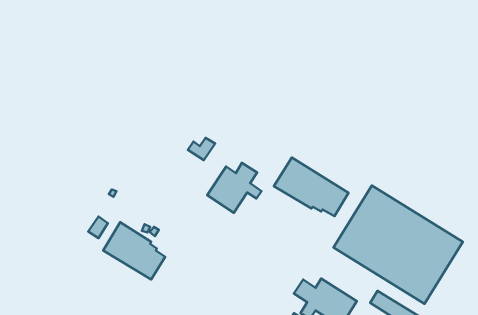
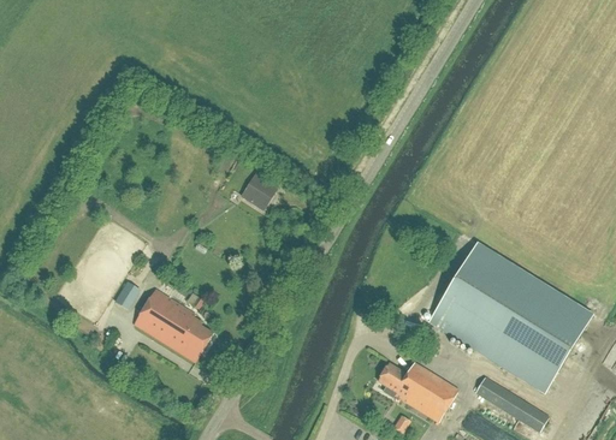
building: [274,158,349,216] -> none
building: [207,163,262,213] -> none

